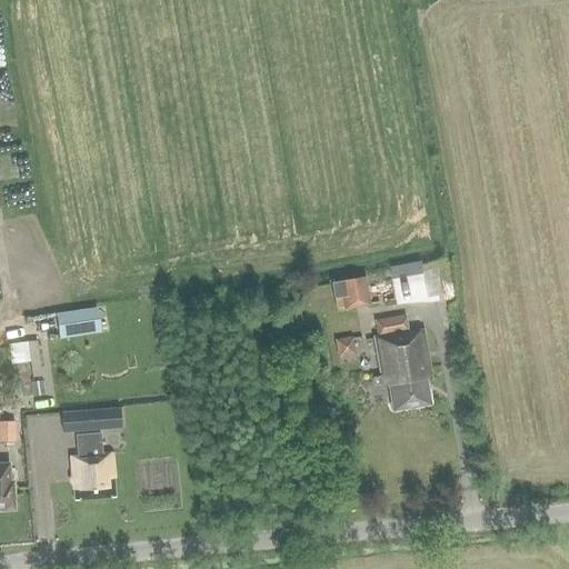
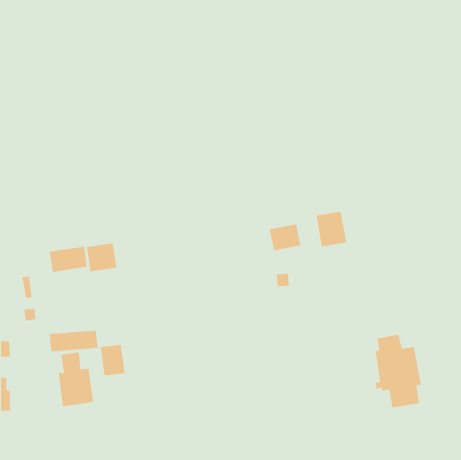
building: none -> [86,242,117,272]
building: [372,317,430,408] -> [375,334,422,408]
building: none -> [100,344,125,376]

